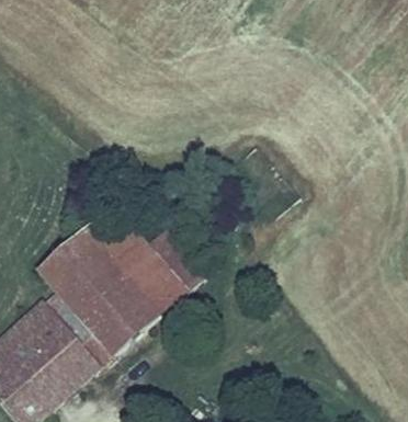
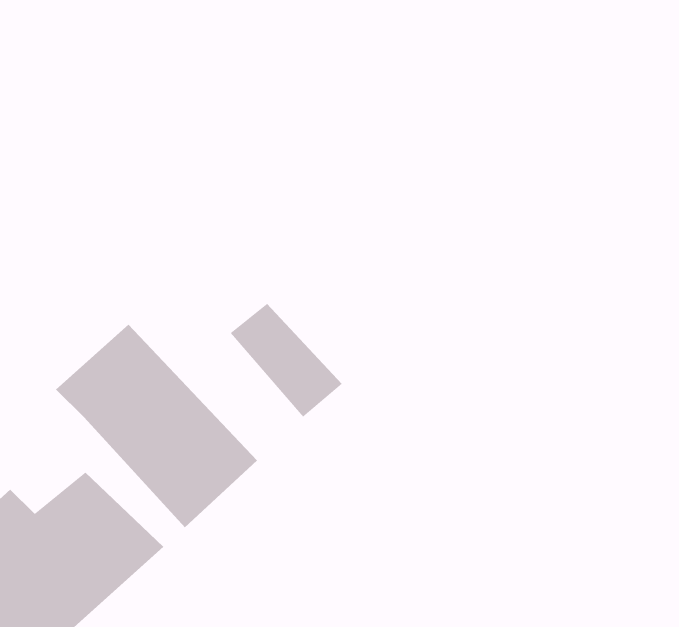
building: [82,205,184,312] -> none
building: [13,287,115,363] -> none

